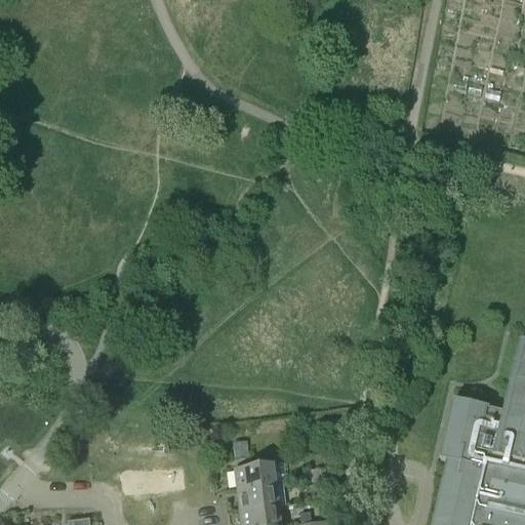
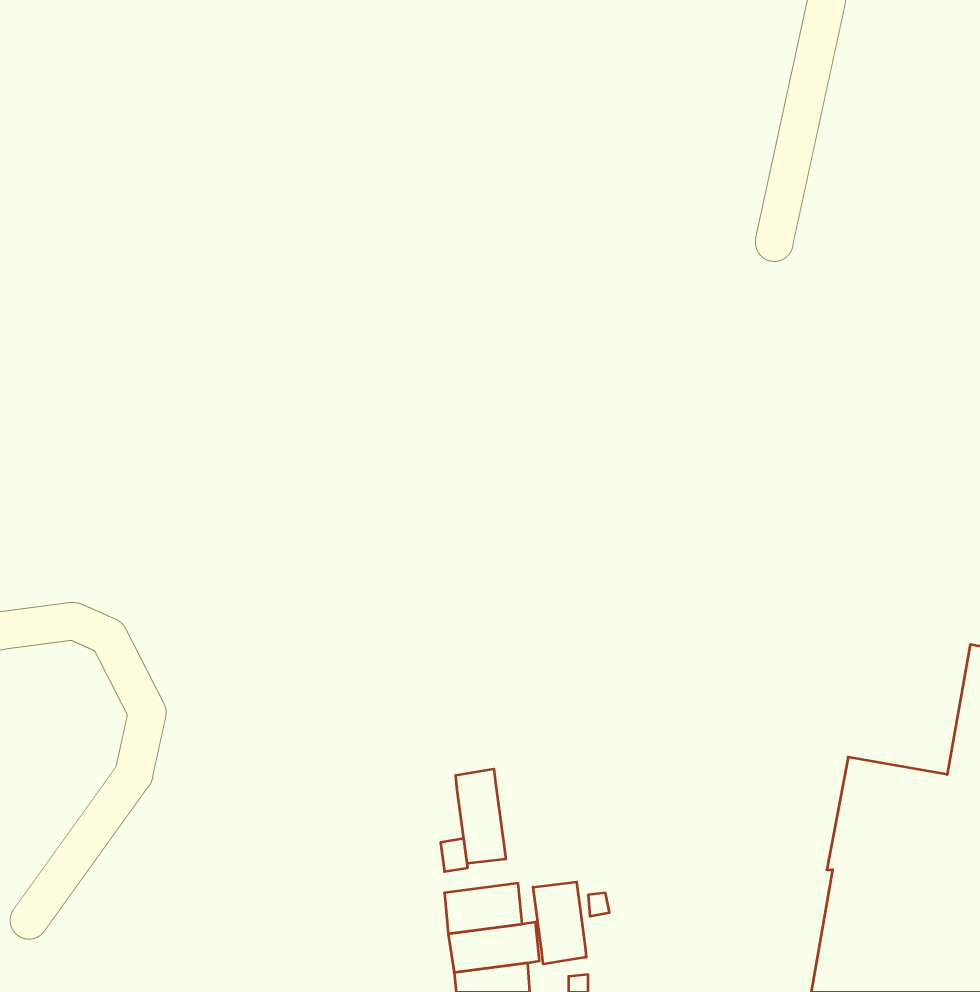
building: none -> [456,769,506,864]
building: none -> [533,882,586,964]

